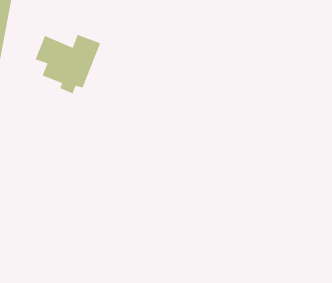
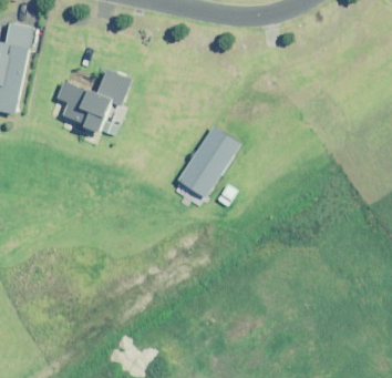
building: none -> [179,131,237,198]

